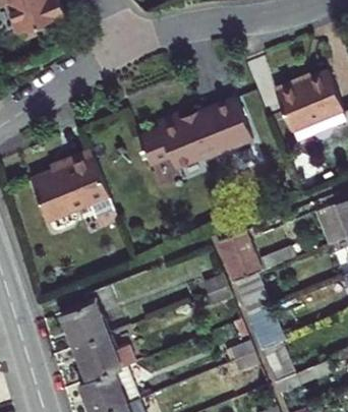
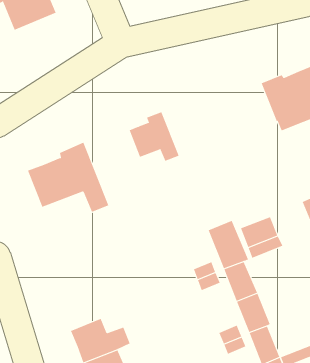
building: [171,99,250,165] -> none
building: [62,301,108,347] -> none

